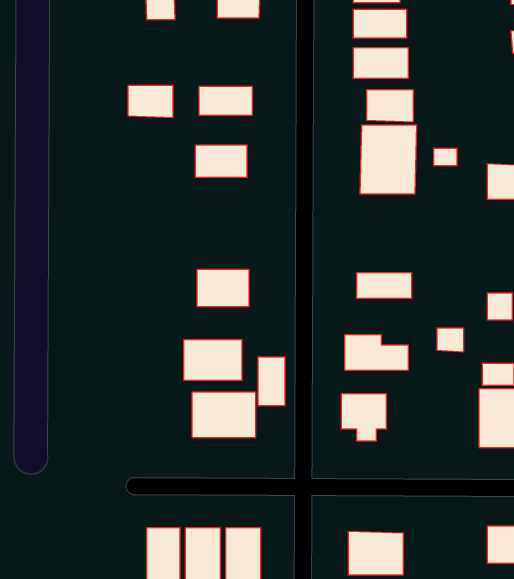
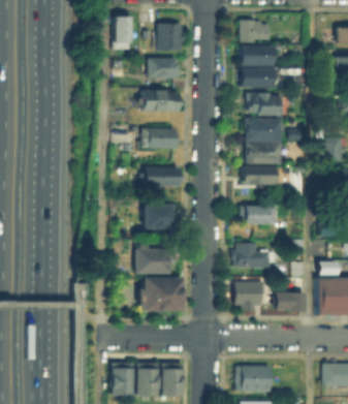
building: [128,86,173,117] -> [150,58,178,77]
building: none -> [242,163,277,183]
building: none -> [146,168,177,185]
building: [258,357,285,406] -> none
building: none -> [277,293,307,312]

